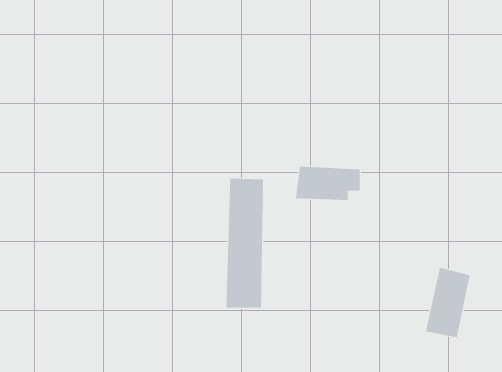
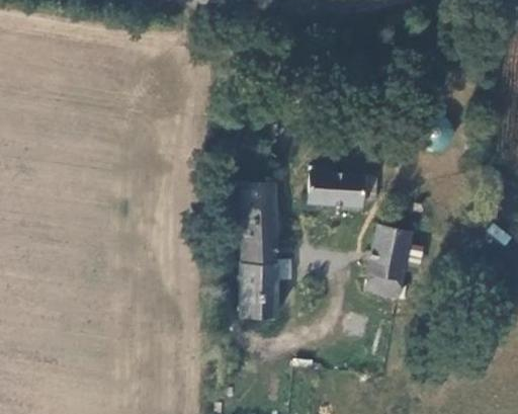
building: [425,267,470,338] -> [363,227,409,298]

